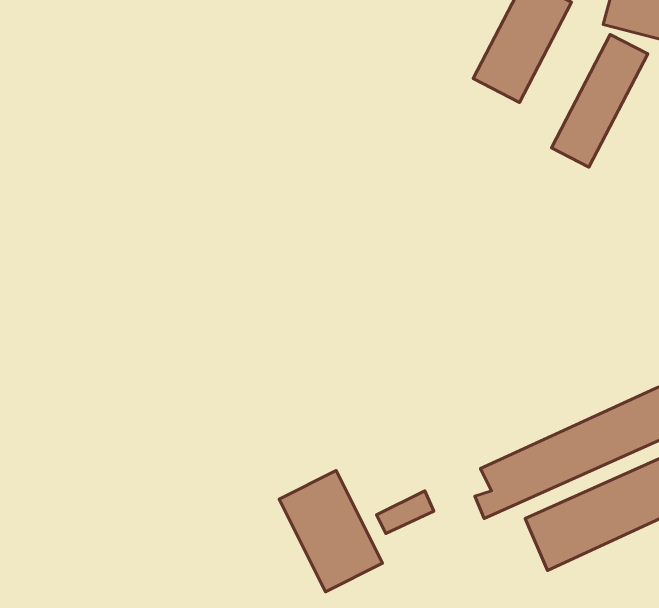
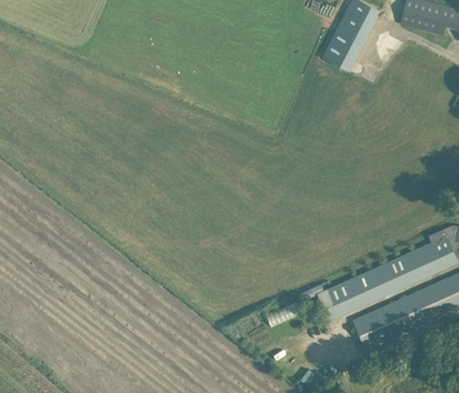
building: [551,34,648,167] -> none
building: [279,471,382,592] -> none

